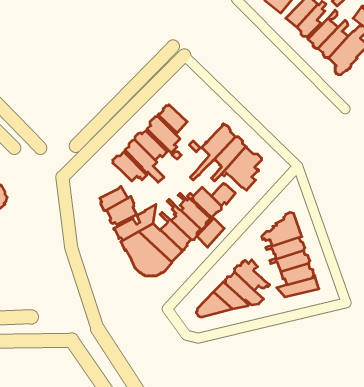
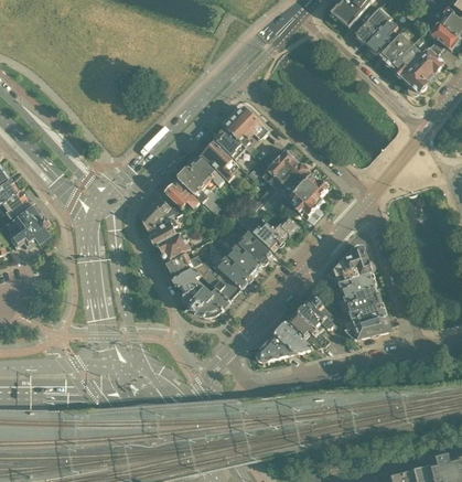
building: none -> [225,108,268,153]
building: none -> [140,195,184,228]
building: [197,218,224,247] -> none

